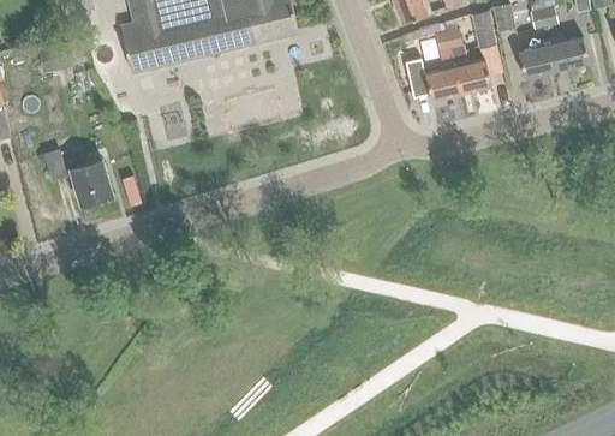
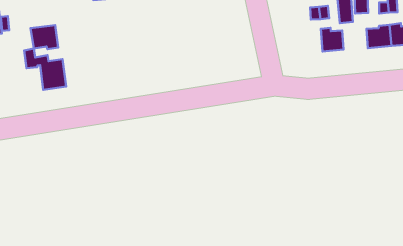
building: [424,60,460,98] -> none
building: none -> [31,25,58,49]

